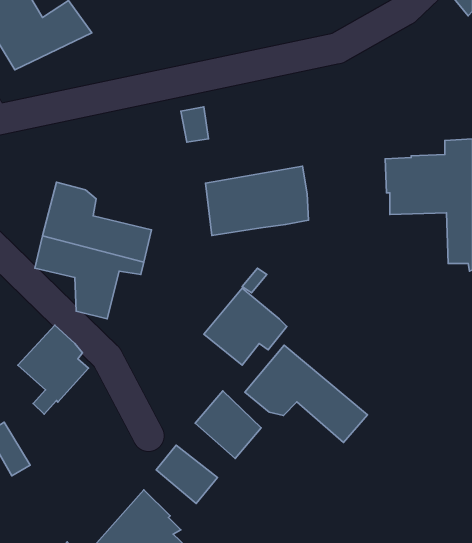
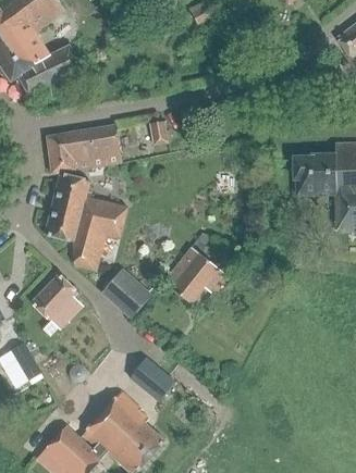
building: [206,166,309,235] -> [48,123,121,172]
building: [245,345,367,443] -> none
building: [195,391,261,459] -> [102,269,149,316]

